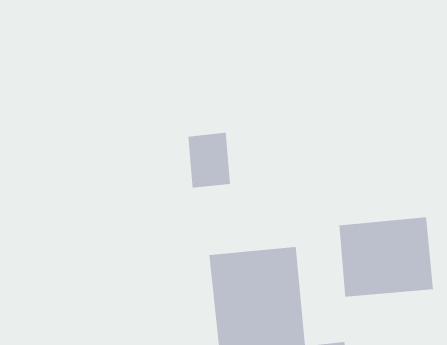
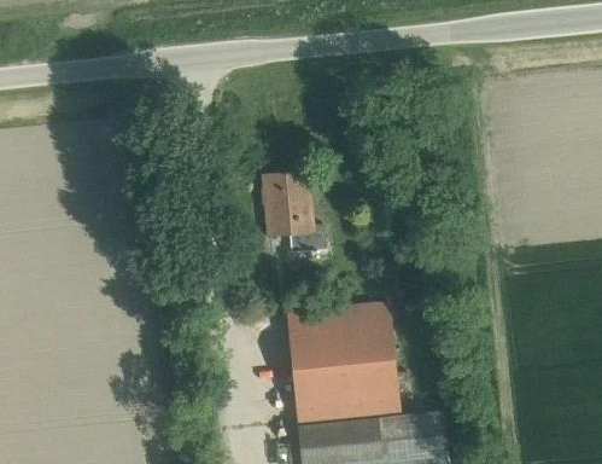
building: [339,216,433,298] -> none

